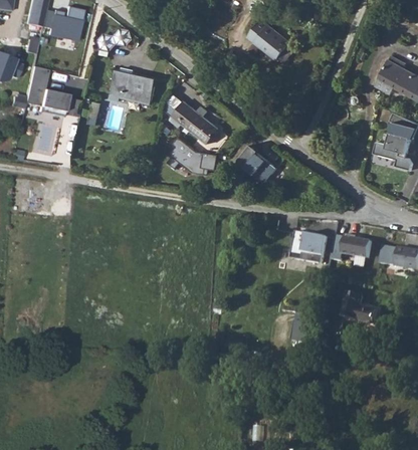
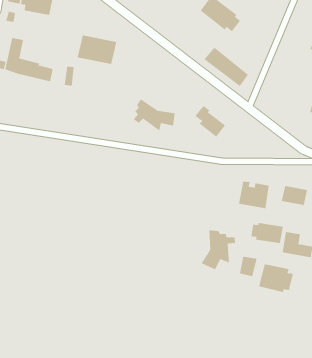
building: [175,102,227,149] -> [204,47,249,87]
building: none -> [251,222,283,244]
building: none -> [201,230,235,270]
building: none -> [258,263,293,293]

